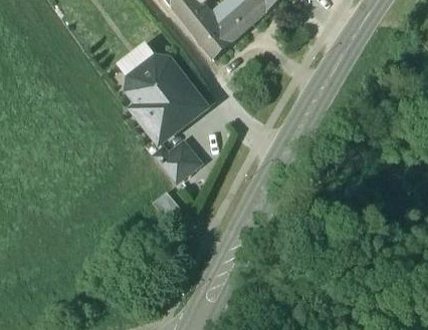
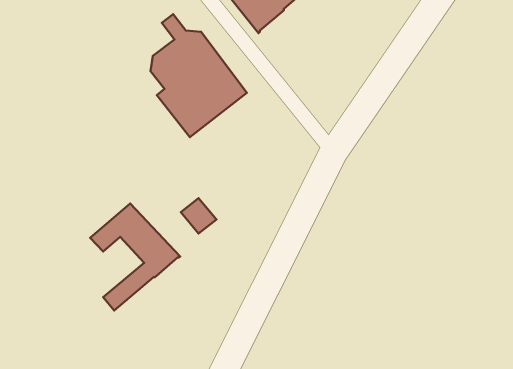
building: [153,138,201,181] -> none
building: none -> [90,204,180,310]

